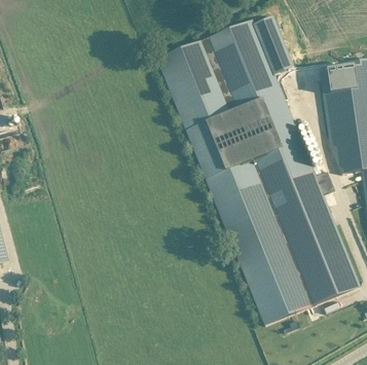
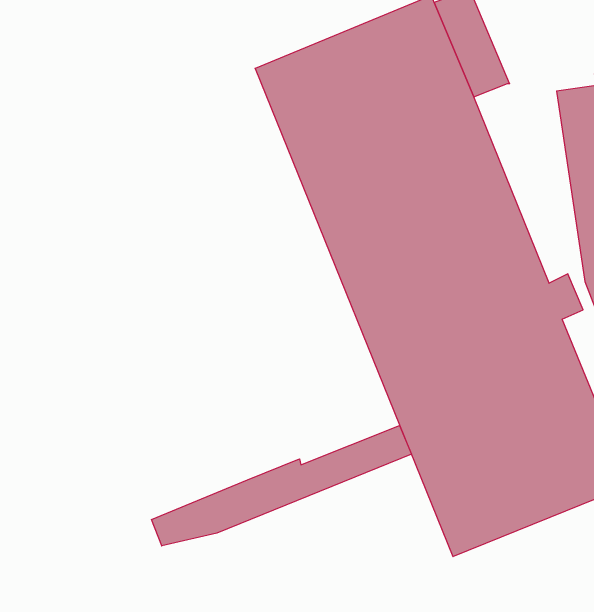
building: none -> [151,425,412,546]

